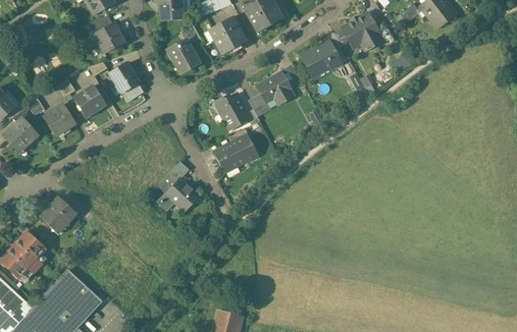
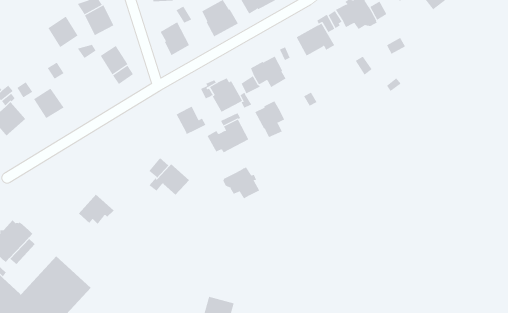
building: [74,86,105,117] -> [47,16,79,48]
building: none -> [255,101,285,138]
building: none -> [176,104,206,135]
building: none -> [222,165,260,199]
building: [41,198,76,228] -> [78,194,114,225]

